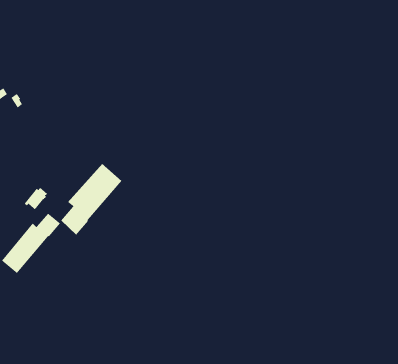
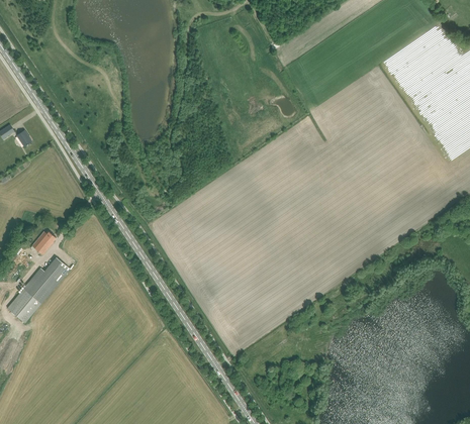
building: [60,163,122,235] -> none

